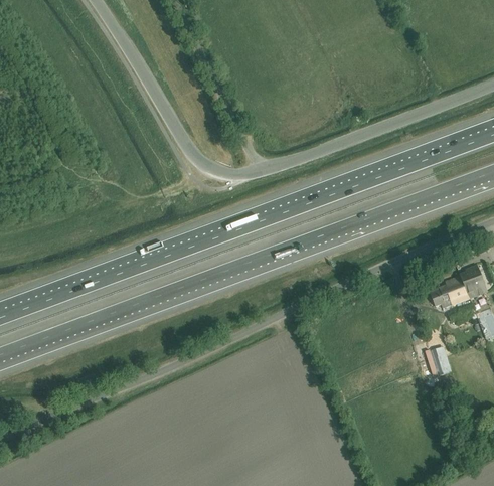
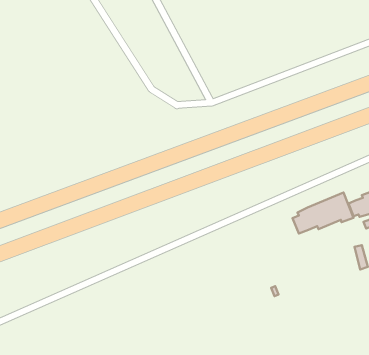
building: none -> [293,192,354,233]

